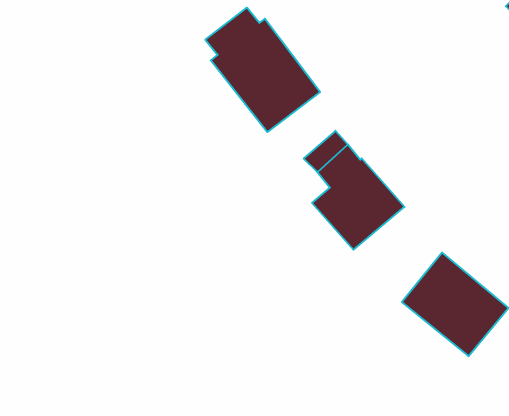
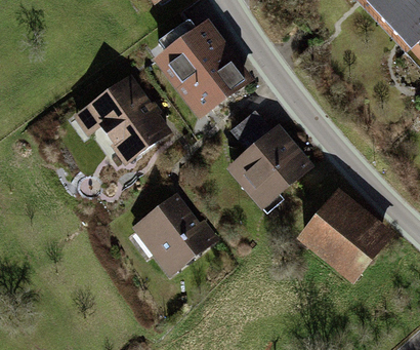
building: none -> [88,78,167,161]
building: none -> [143,197,216,271]

